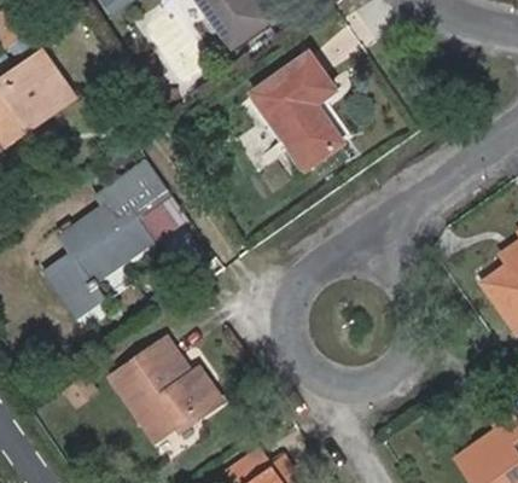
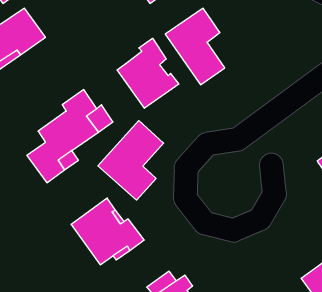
building: none -> [117,38,179,108]
building: none -> [98,121,164,200]

